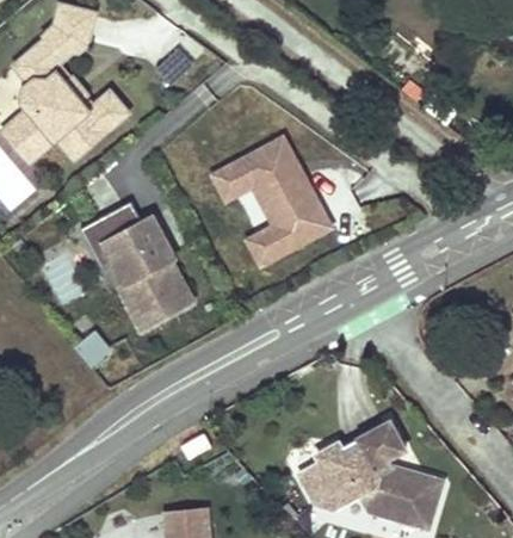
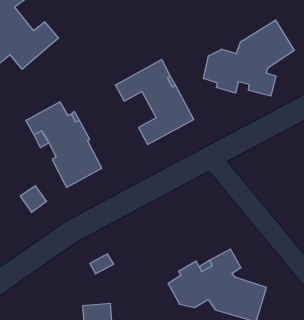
building: none -> [203,20,294,96]

